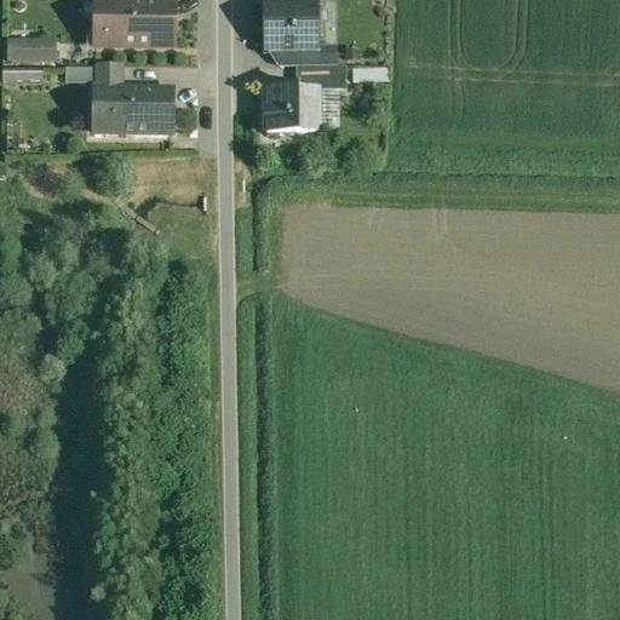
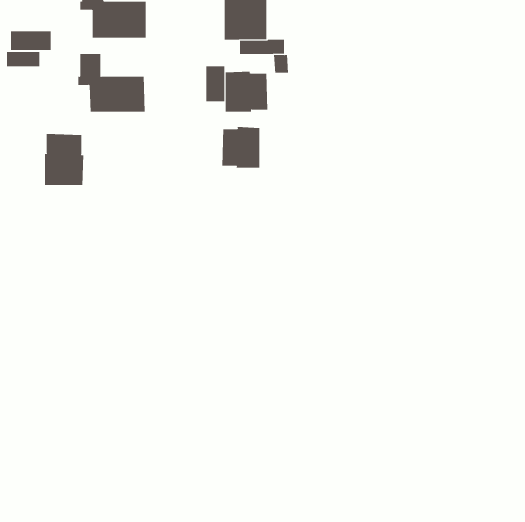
building: none -> [206,65,225,102]
building: none -> [222,126,260,169]
building: none -> [44,133,84,186]

